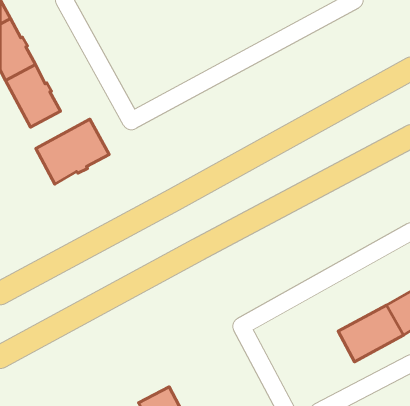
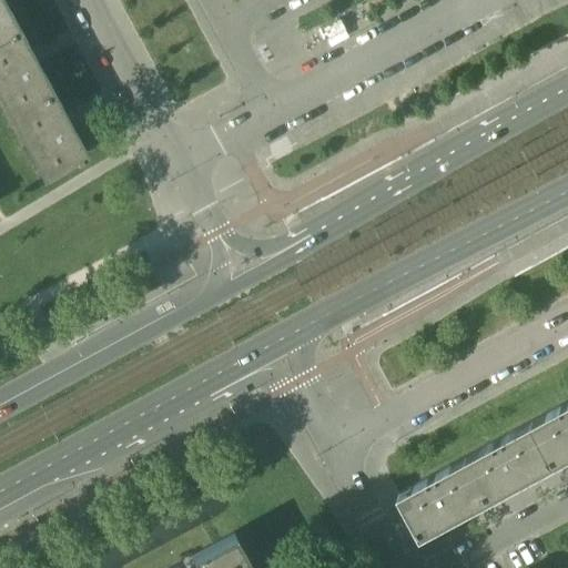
building: [36,119,109,184] -> none
building: none -> [402,464,490,542]

